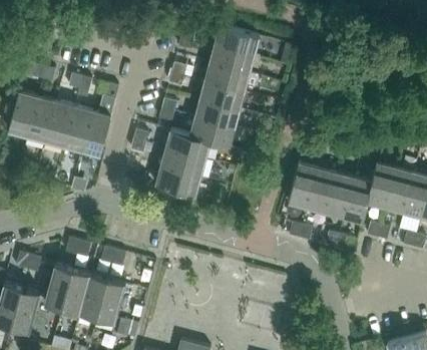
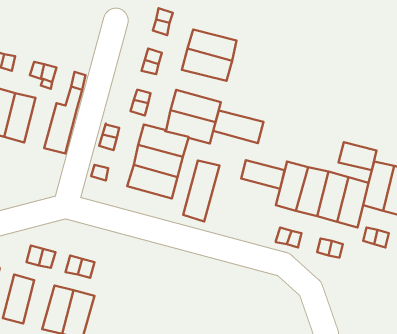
building: [215,26,259,54] -> none
building: [199,80,245,109] -> [213,111,263,143]
building: [63,105,92,150] -> none
building: none -> [339,142,377,170]
building: none -> [241,160,285,189]
building: none -> [183,160,220,221]
building: [62,269,90,313] -> none

